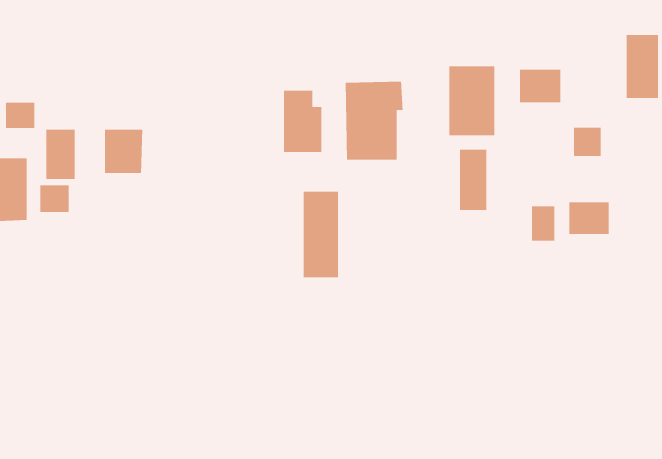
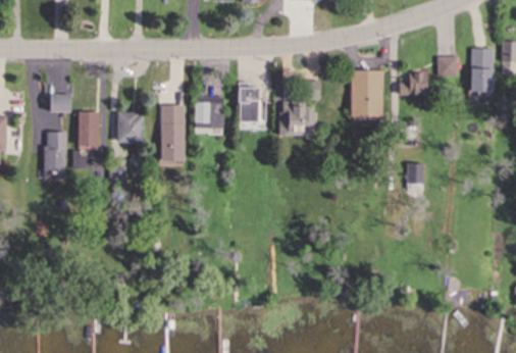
building: none -> [194,97,223,129]
building: [573,127,602,157] -> [437,57,457,78]
building: [459,149,487,211] -> none
building: [303,191,339,278] -> [160,105,185,164]
building: [568,202,610,235] -> none

